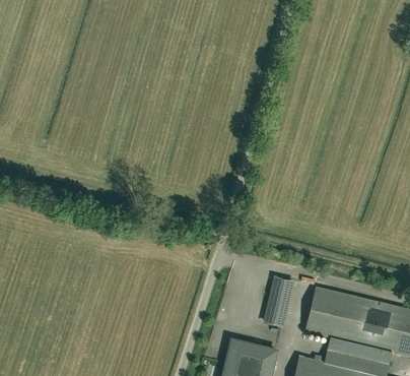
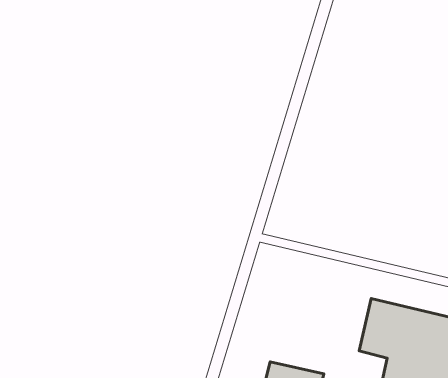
building: [265,276,292,325] -> none

